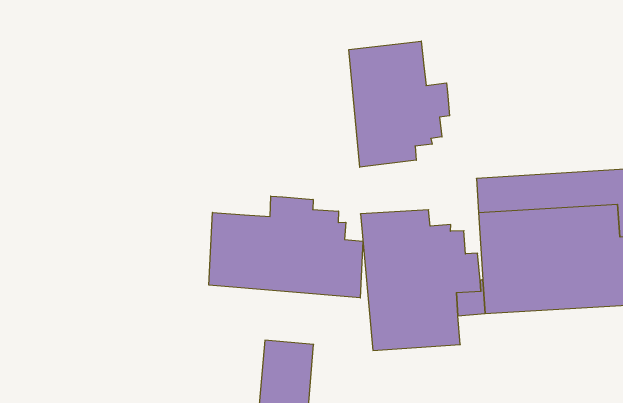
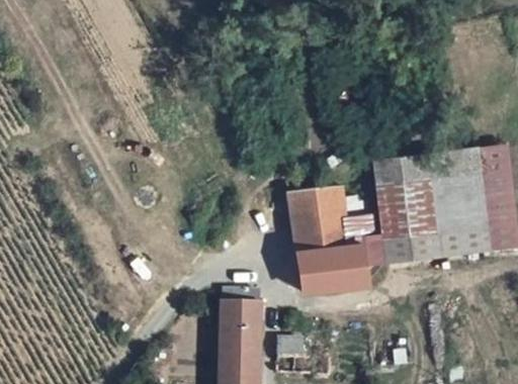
building: [349,41,450,167] -> none
building: [209,196,363,298] -> none

